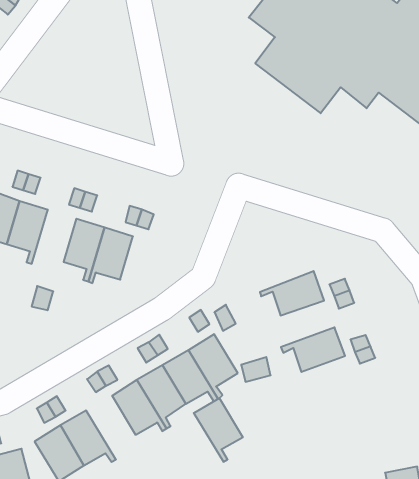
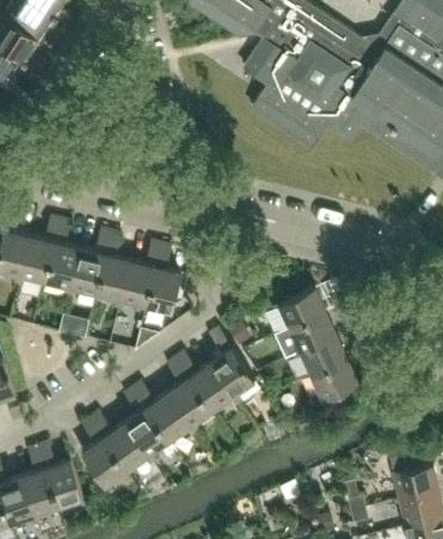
building: none -> [69,248,105,298]
building: none -> [147,266,182,321]
building: none -> [289,311,337,355]
building: none -> [311,358,359,403]
building: [194,398,243,462] -> [125,408,170,463]

